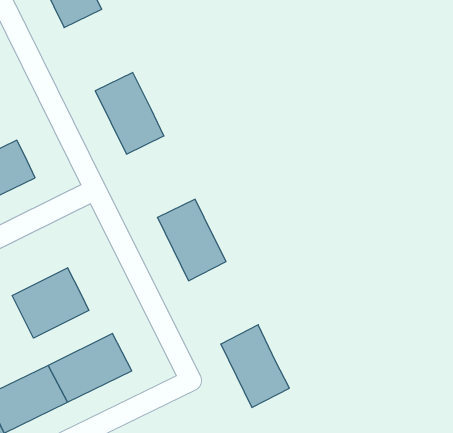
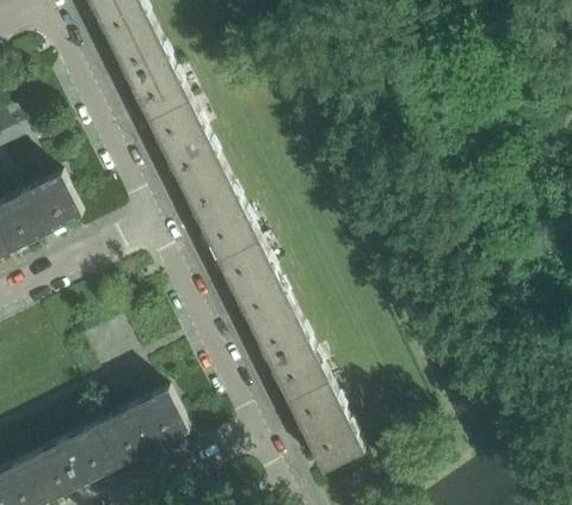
building: none -> [112,30,189,121]
building: none -> [182,171,258,261]
building: none -> [251,310,328,402]
building: [12,268,89,338] -> none

